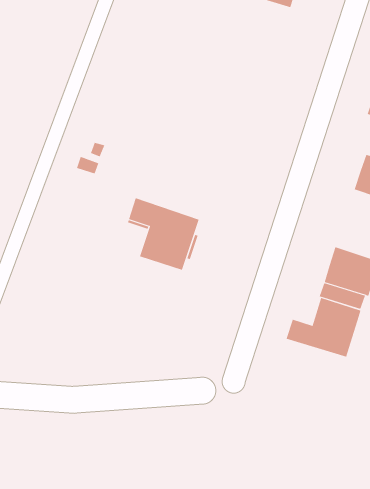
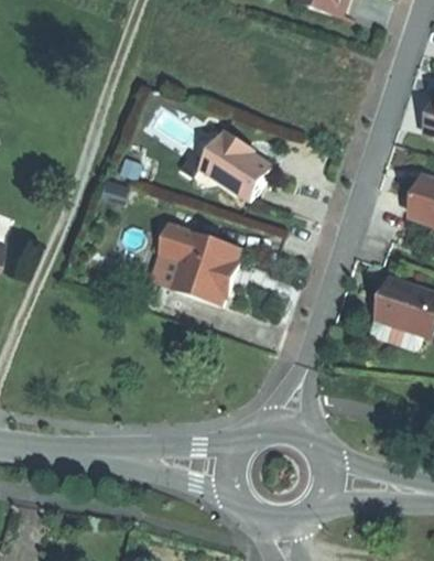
building: none -> [199,130,270,197]
building: [286,297,361,357] -> none

